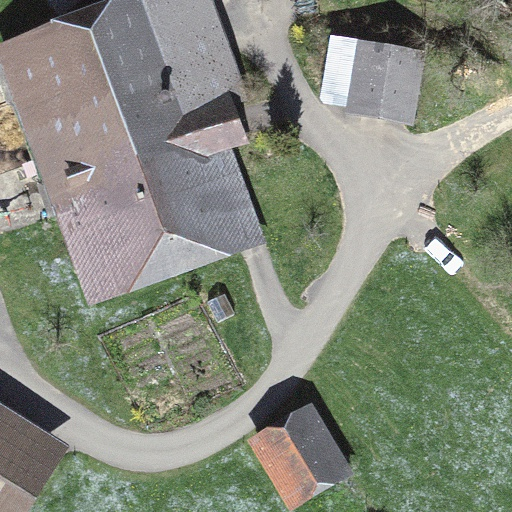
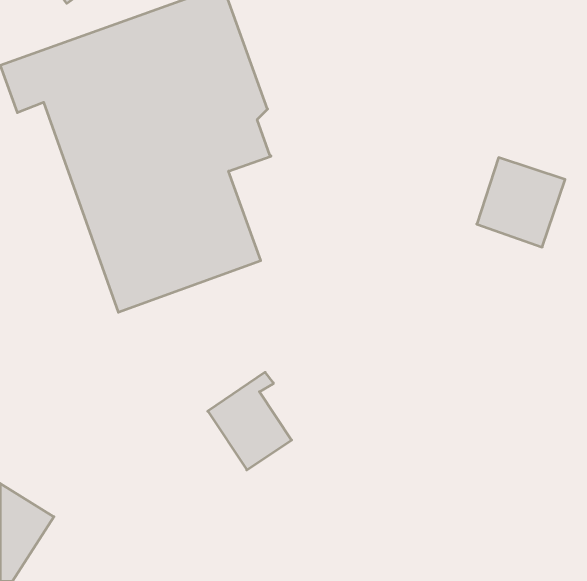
building: [349,39,426,117] -> [477,158,565,247]
building: [258,407,331,492] -> [208,372,292,470]

